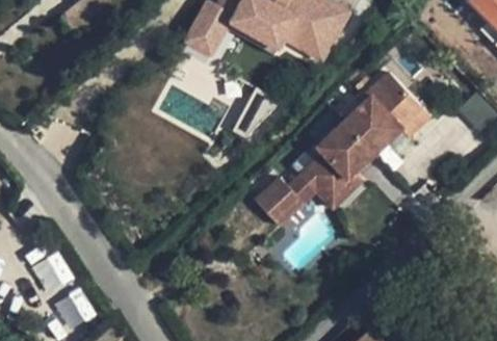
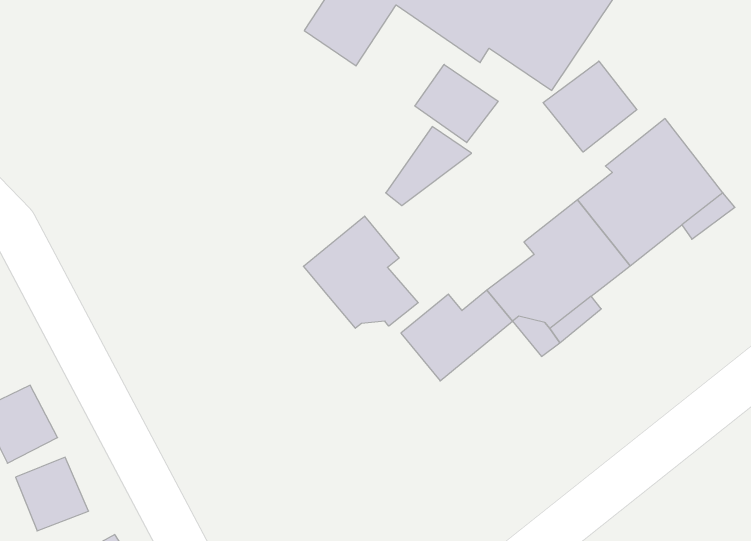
building: none -> [543,61,637,152]
building: none -> [415,64,498,143]
building: none -> [303,216,418,328]

